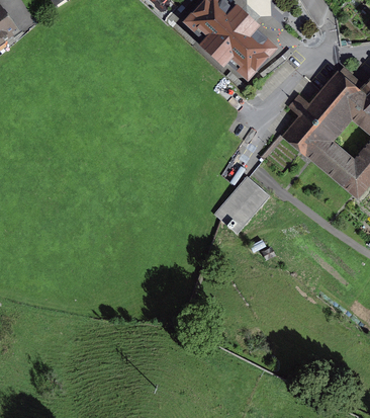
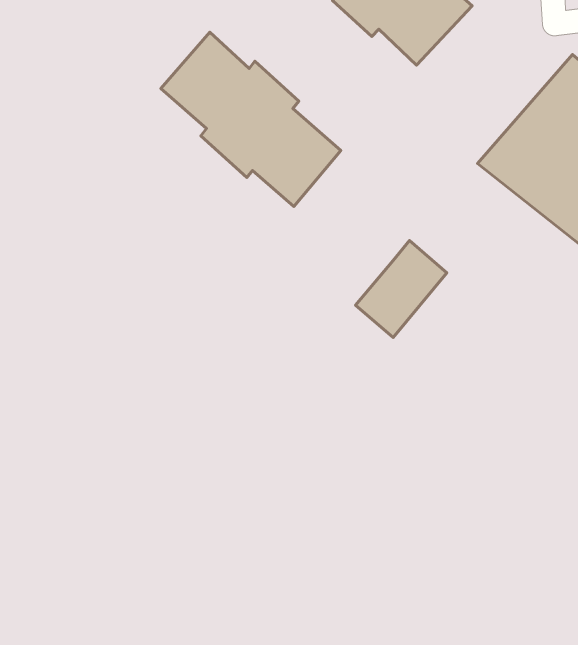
building: none -> [161,32,341,207]

